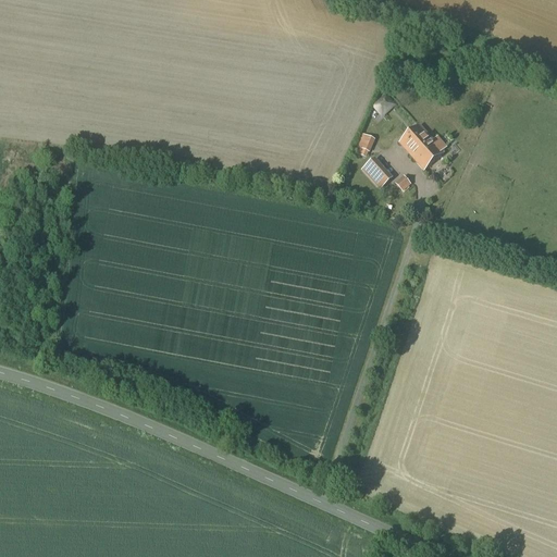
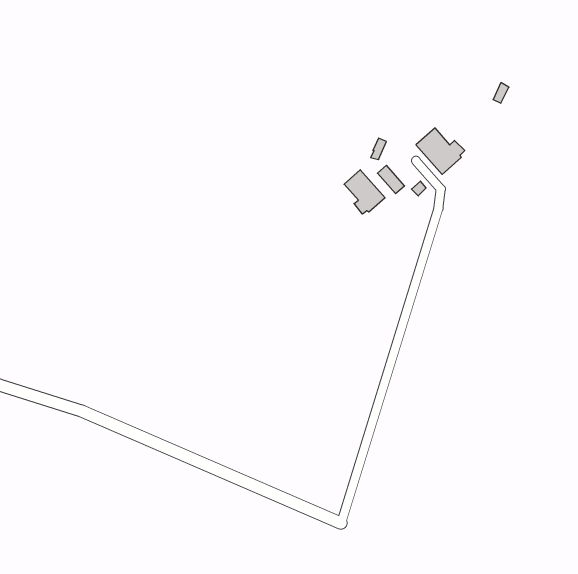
building: none -> [344,170,385,214]

